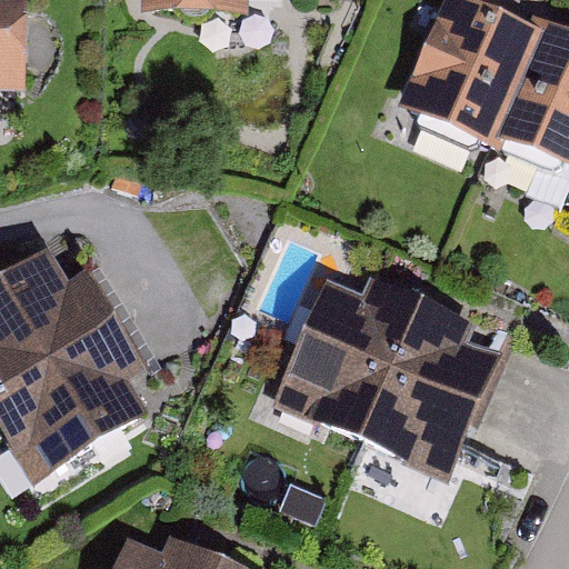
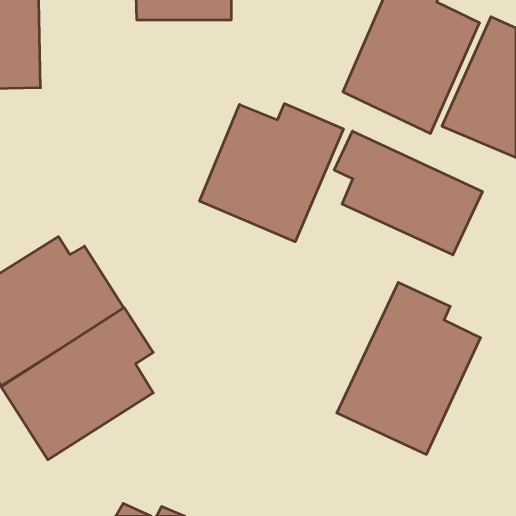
building: none -> [200,104,343,242]
building: none -> [334,131,482,255]
building: [271,287,419,448] -> none

